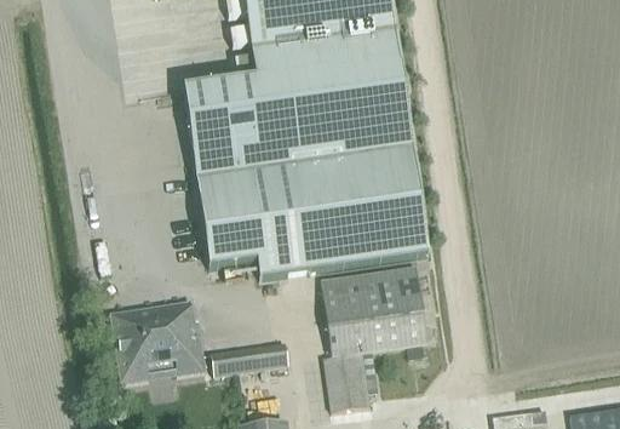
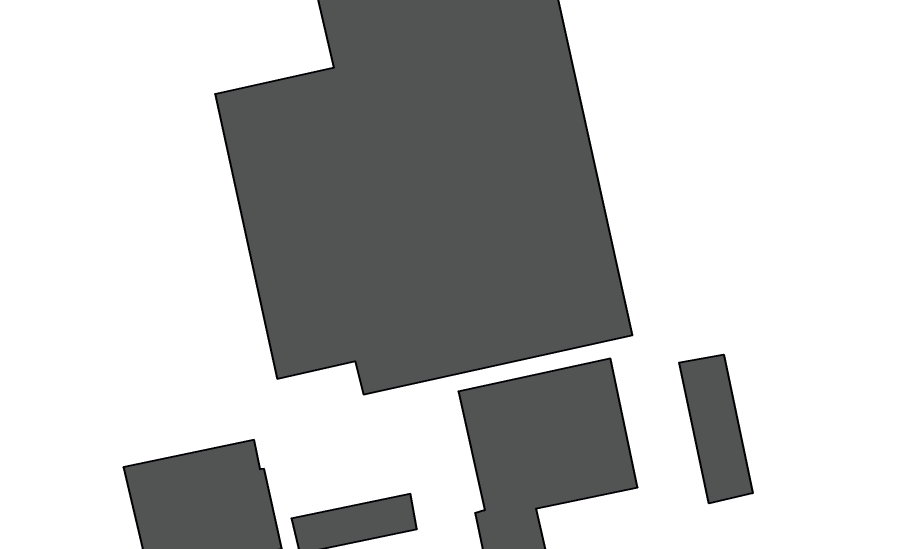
building: none -> [679,355,753,503]

